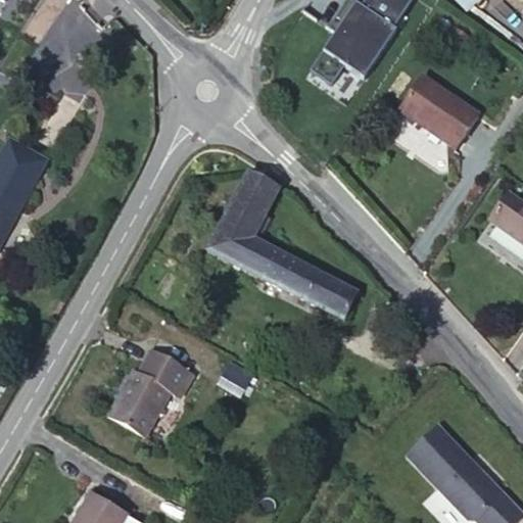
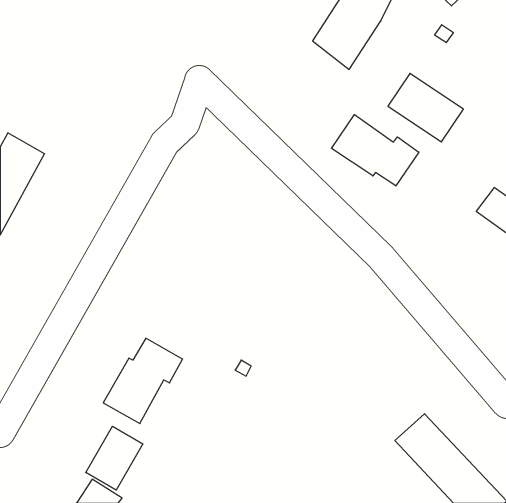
building: none -> [331,115,419,186]
building: [207,170,358,318] -> none
building: none -> [86,426,143,490]

